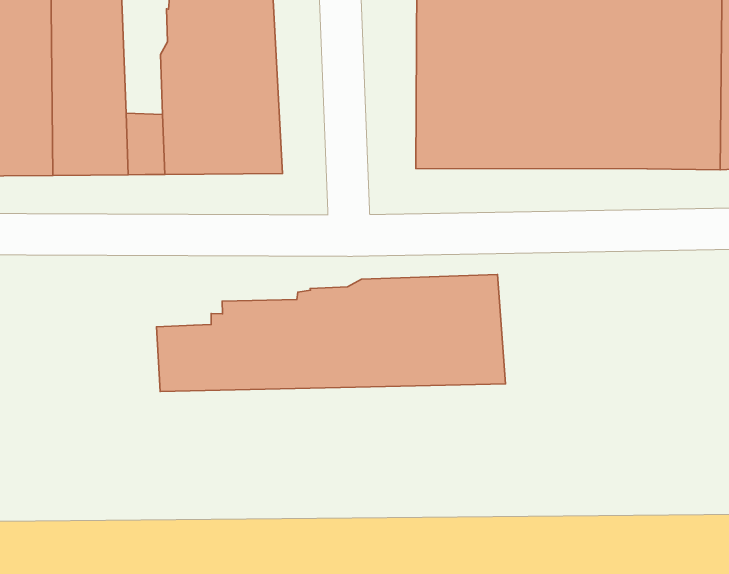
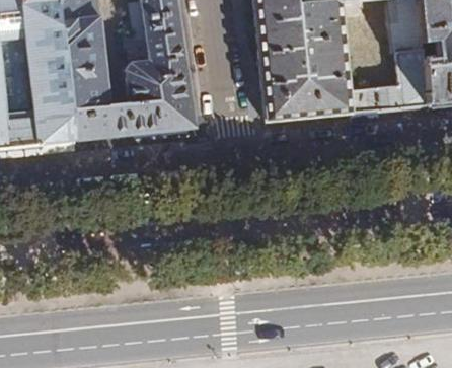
building: [156,274,505,392] -> none

